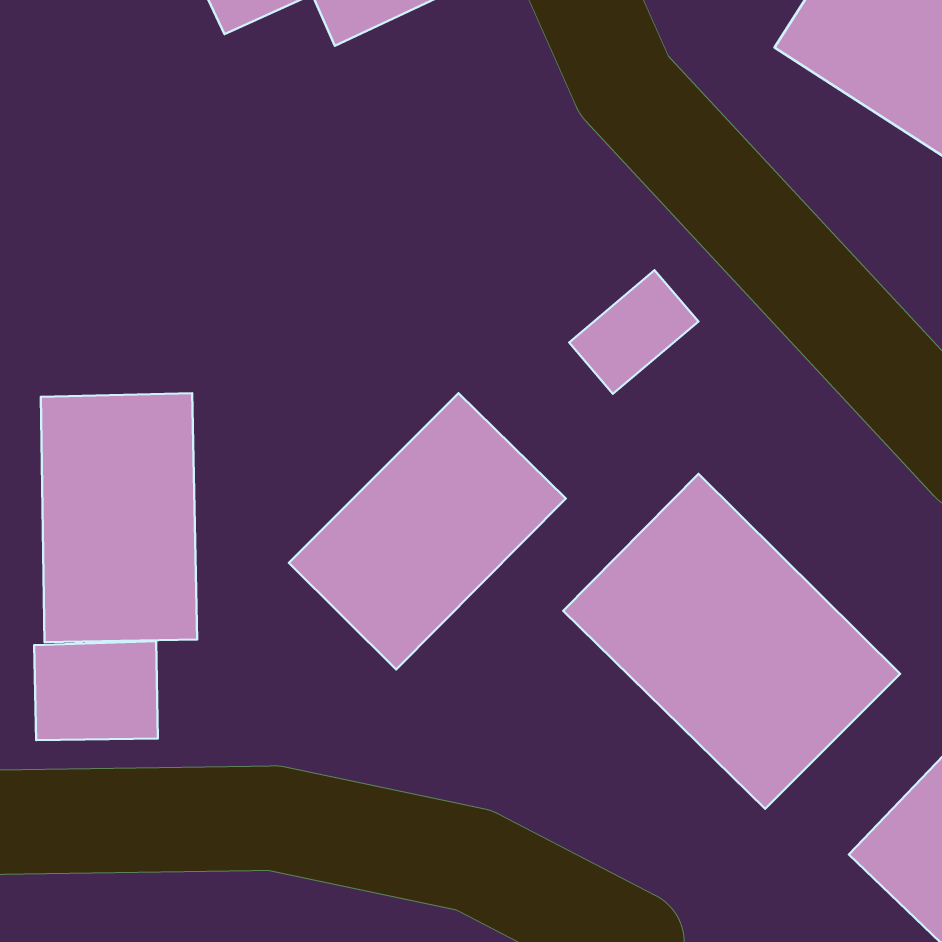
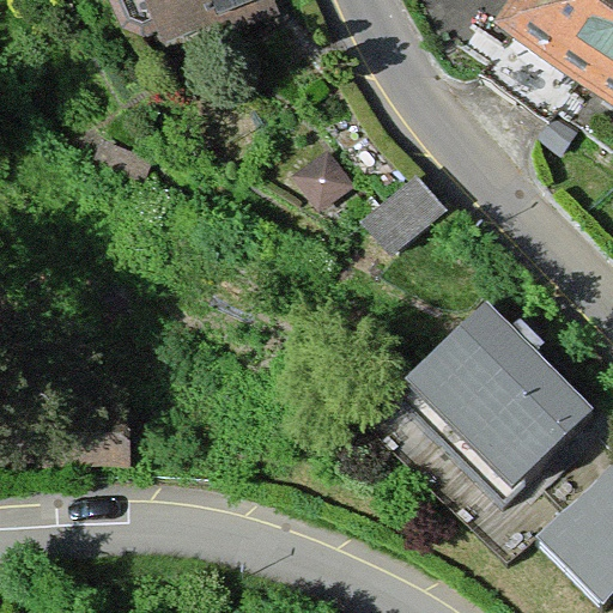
building: [41,393,197,642] -> none
building: [289,393,566,670] -> none

